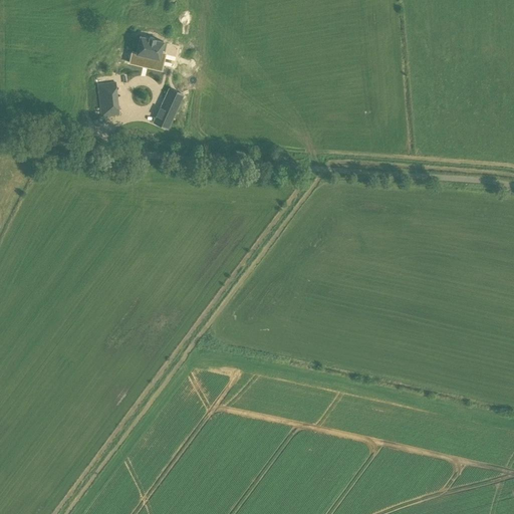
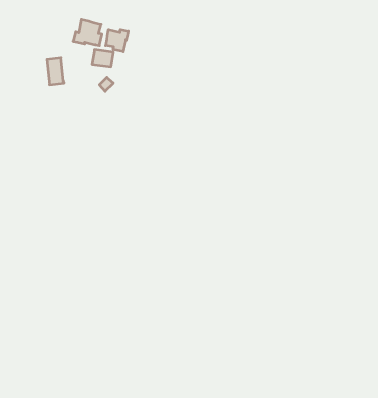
building: none -> [105,30,129,52]

